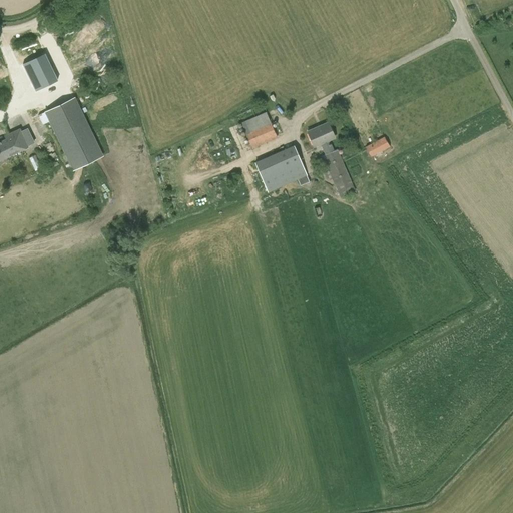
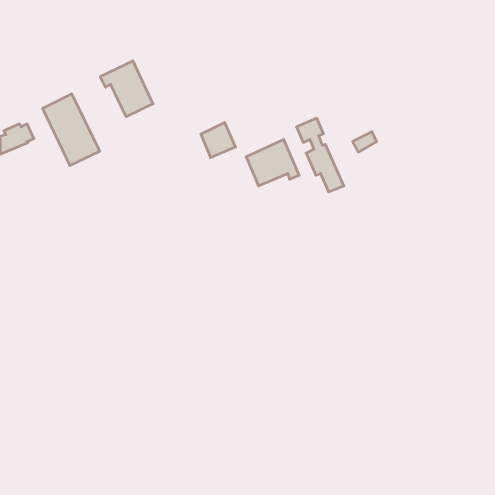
building: [22,56,56,94] -> none
building: none -> [100,61,153,117]
building: [240,111,277,147] -> [201,123,236,158]

